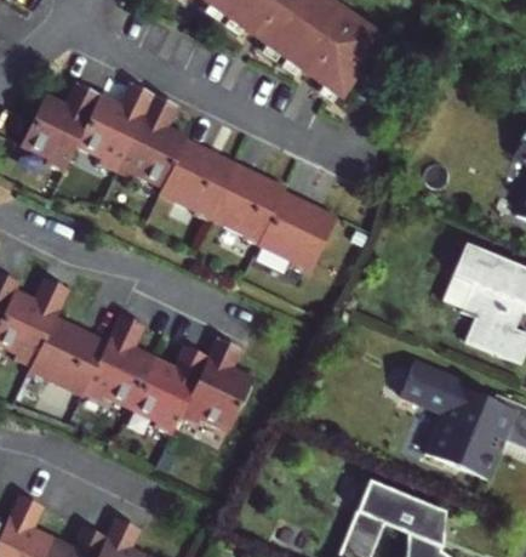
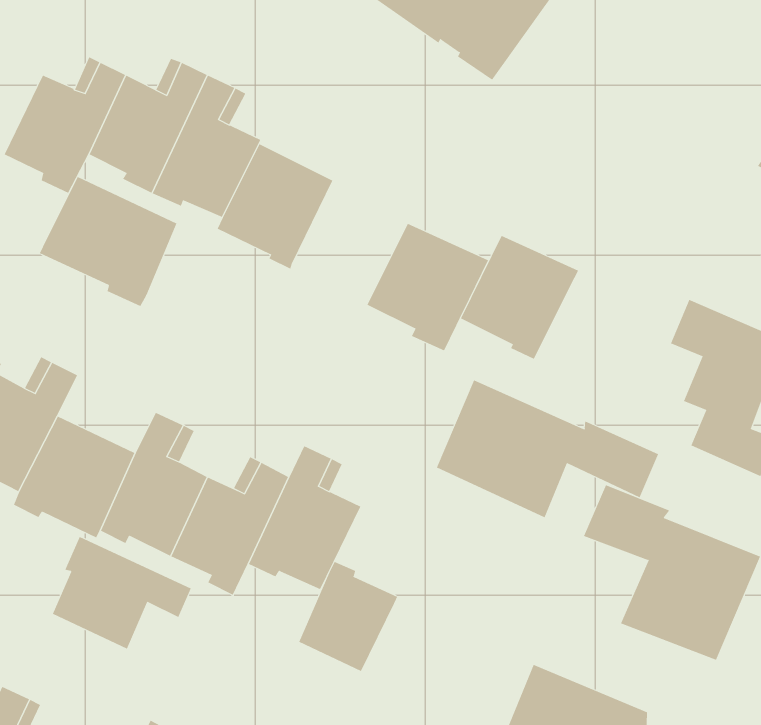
building: none -> [39,176,177,307]
building: [210,163,287,244] -> [460,235,579,359]
building: none -> [436,379,659,518]
building: none -> [52,536,192,649]
building: none -> [298,561,398,672]

